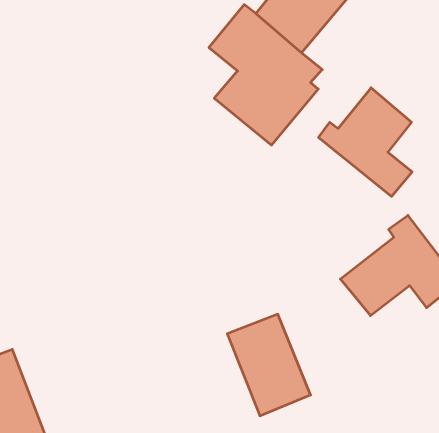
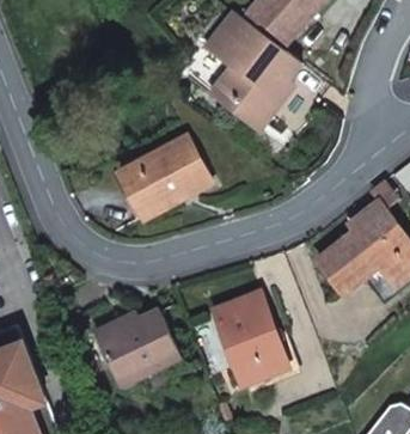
building: [319,88,412,196] -> none
building: none -> [120,136,212,215]
building: none -> [99,310,180,386]

